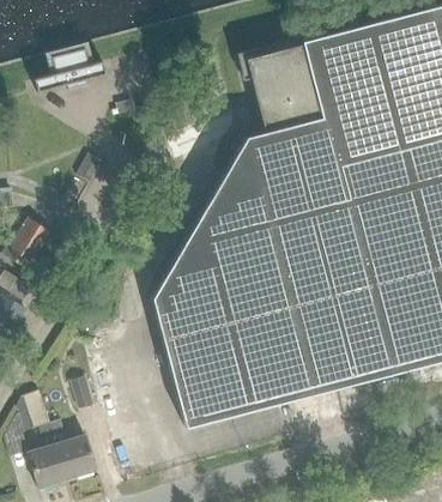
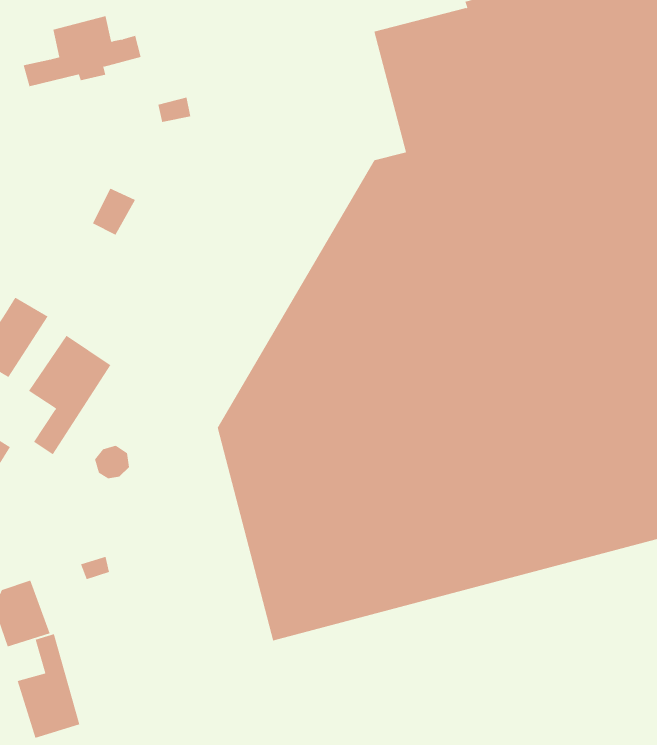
building: none -> [28,335,111,455]
building: [56,421,101,478] -> none

